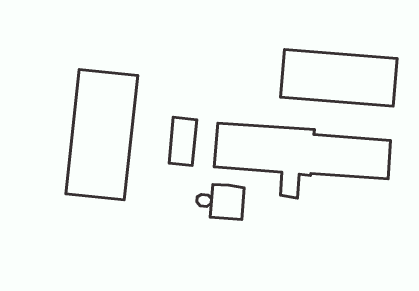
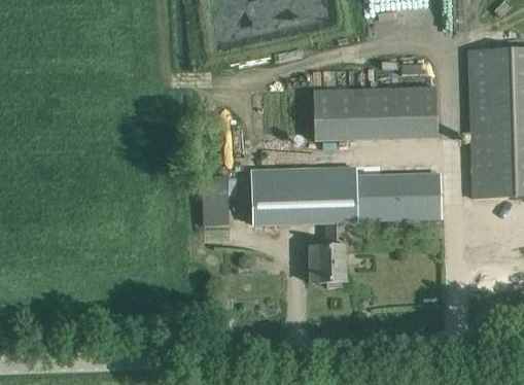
building: [66,69,138,200] -> none
building: [210,185,244,219] -> [310,246,345,282]

